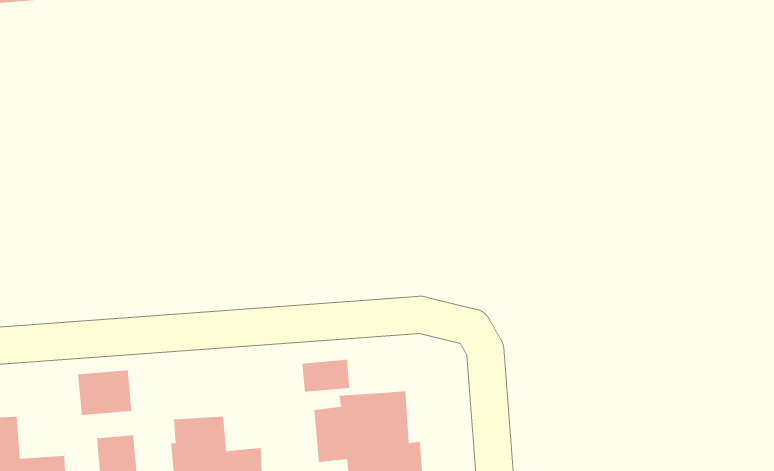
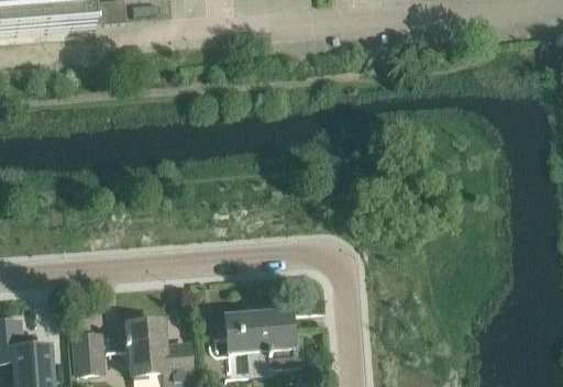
building: [301,359,350,392] -> none
building: [77,369,132,416] -> none

